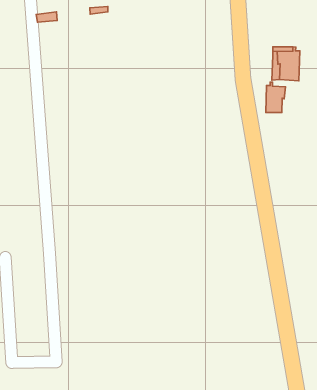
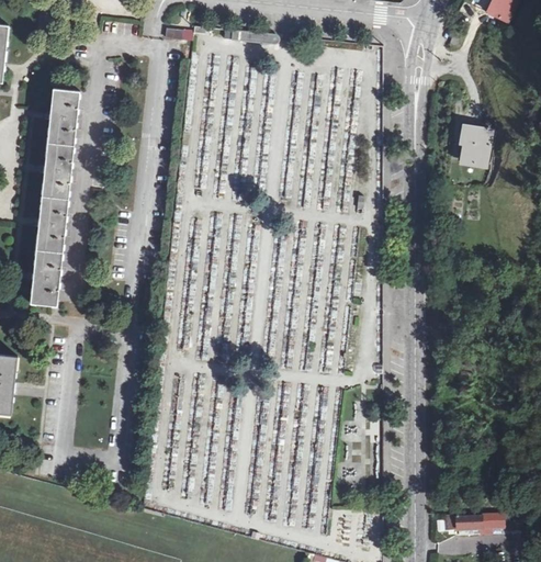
building: [266,82,285,113] -> none

